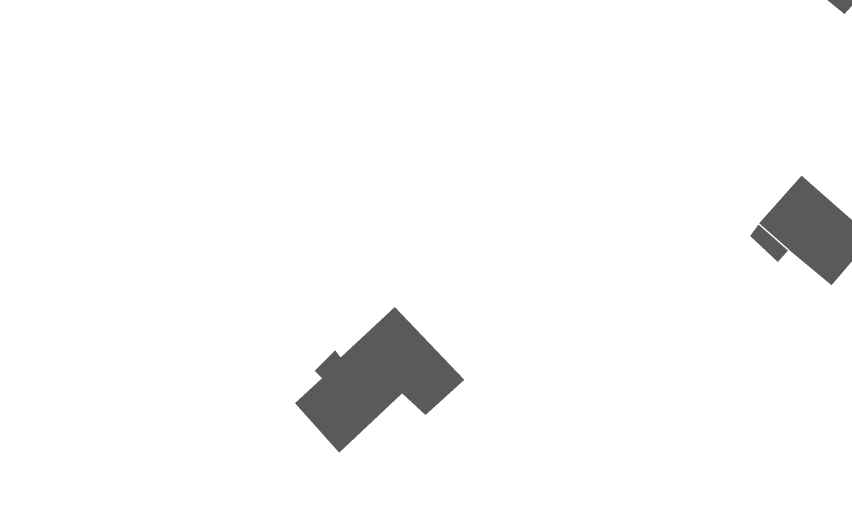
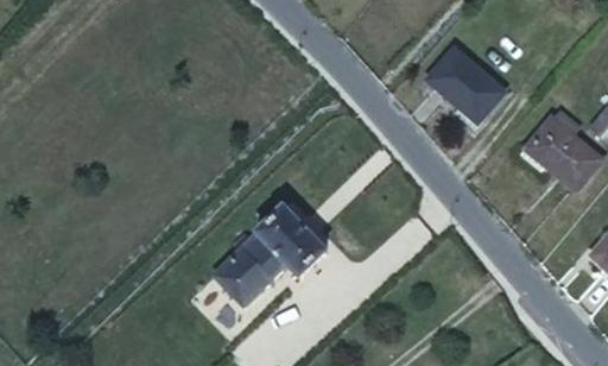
building: none -> [431,48,502,118]

